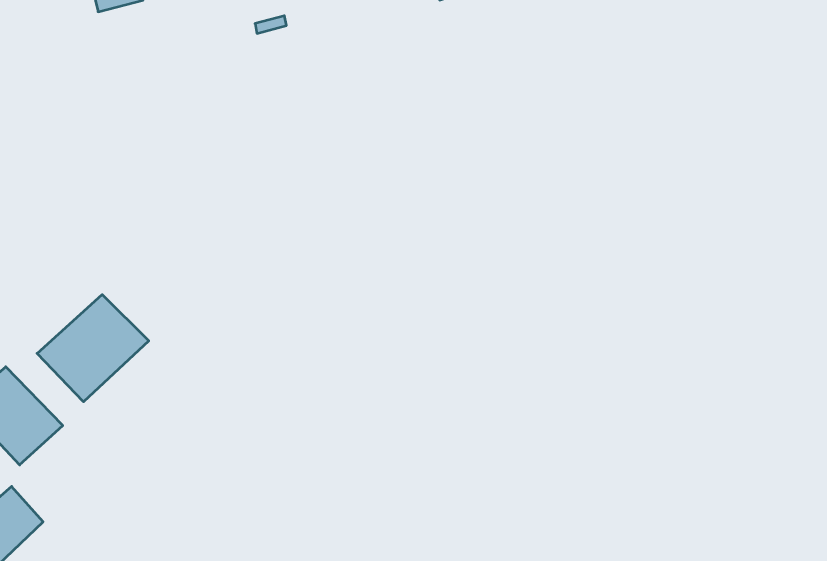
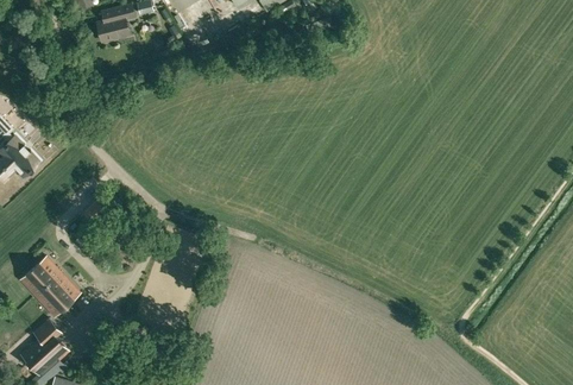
building: [37,295,149,402] -> none

